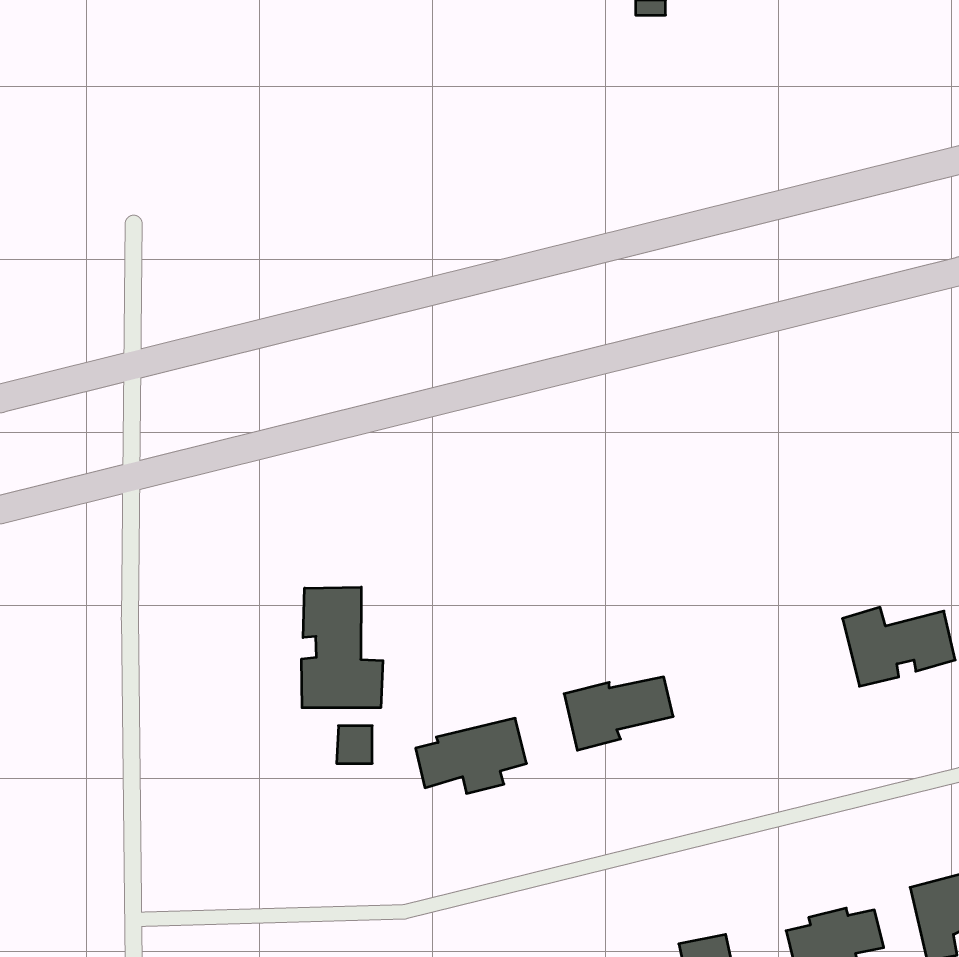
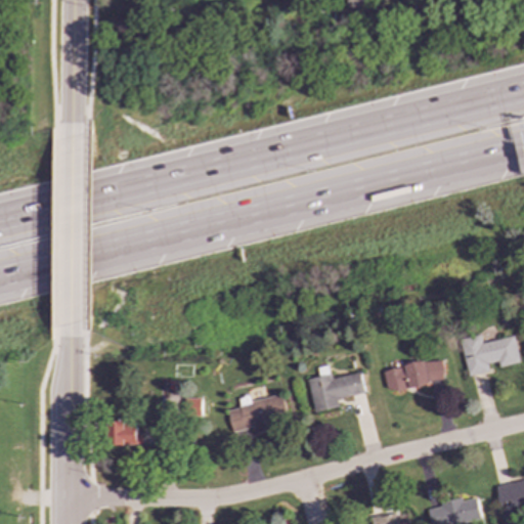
building: [302,587,383,708] -> none
building: none -> [385,359,445,392]
building: none -> [106,422,144,444]

